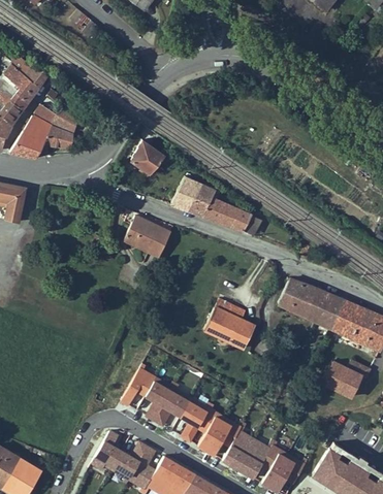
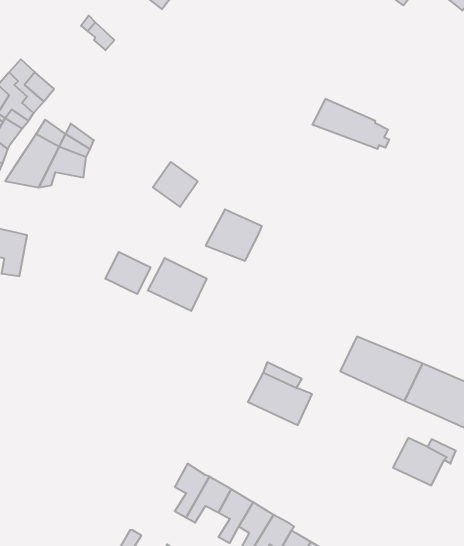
building: [201,194,263,234] -> [312,99,389,149]
building: none -> [105,252,150,294]
building: [120,368,155,405] -> none

